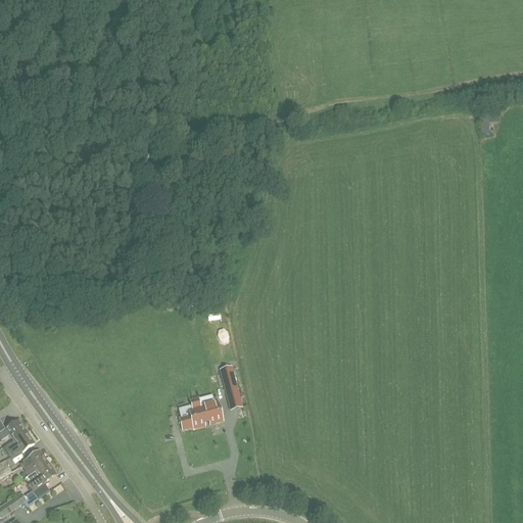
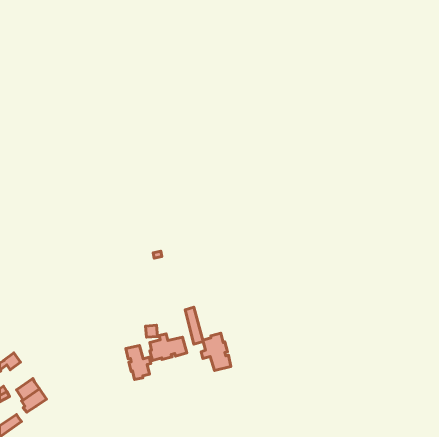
building: none -> [201,333,231,371]
building: none -> [126,345,151,380]
building: [6,430,34,458] -> none

